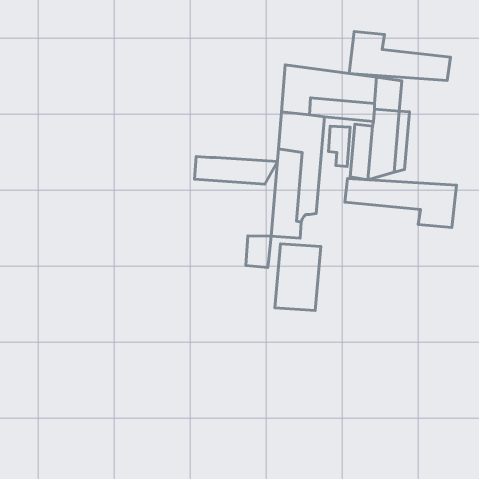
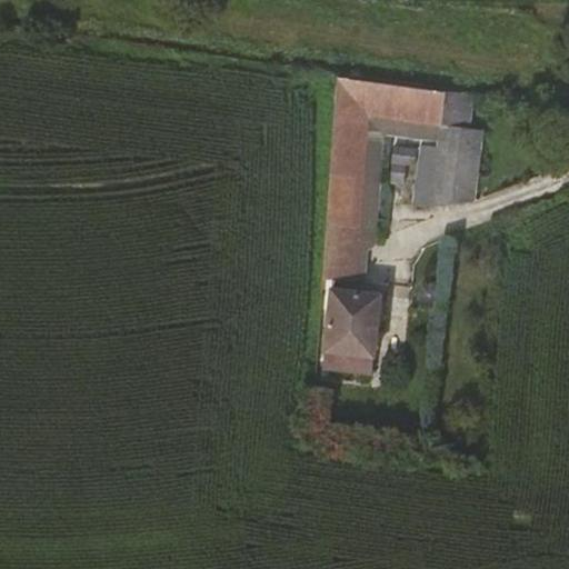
building: [349,32,450,81] -> none
building: [194,157,277,184] -> none
building: [345,178,457,227] -> none
building: [246,236,271,267] -> none

